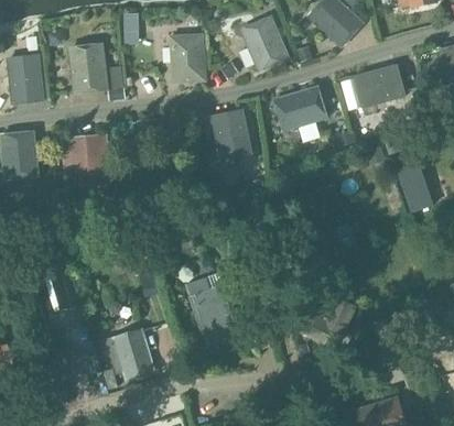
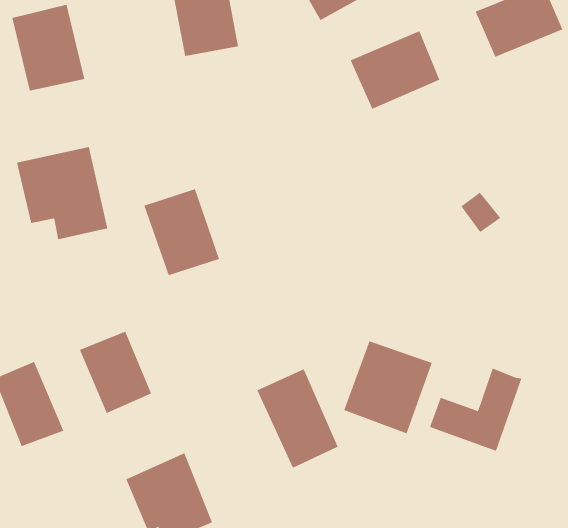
building: [210,109,253,161] -> [144,189,220,276]
building: none -> [79,331,152,414]
building: none -> [343,341,433,434]

